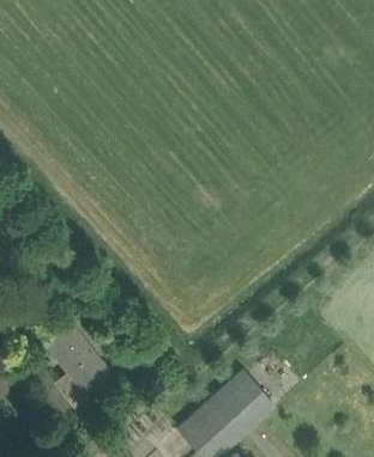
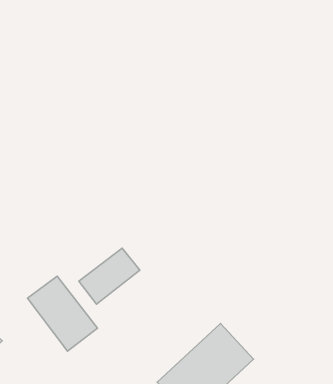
building: none -> [79,248,140,304]

